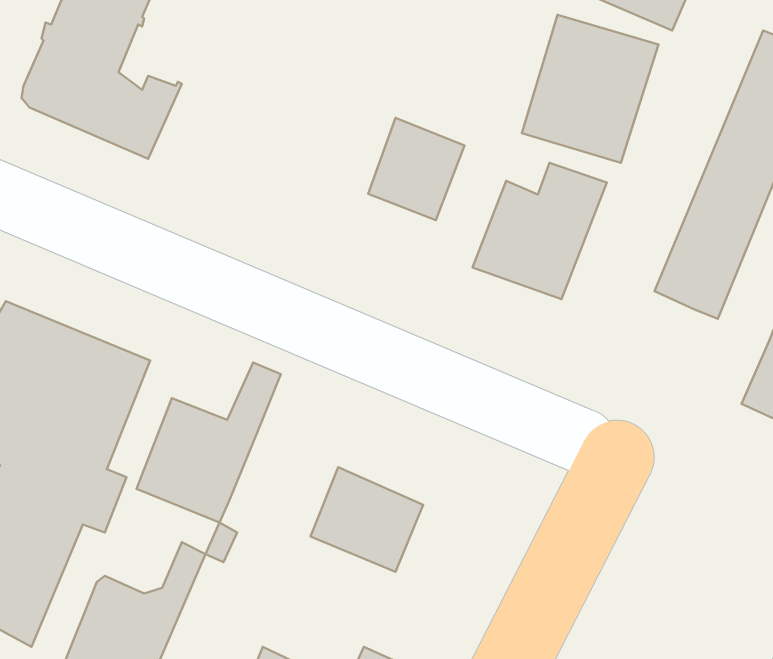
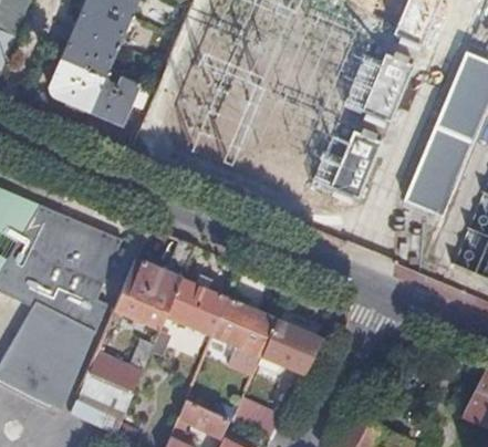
building: [368,118,465,220] -> none
building: none -> [167,279,228,336]
building: none -> [260,319,325,376]

